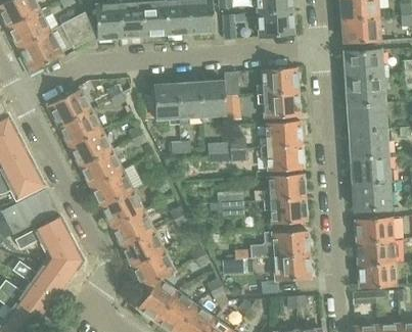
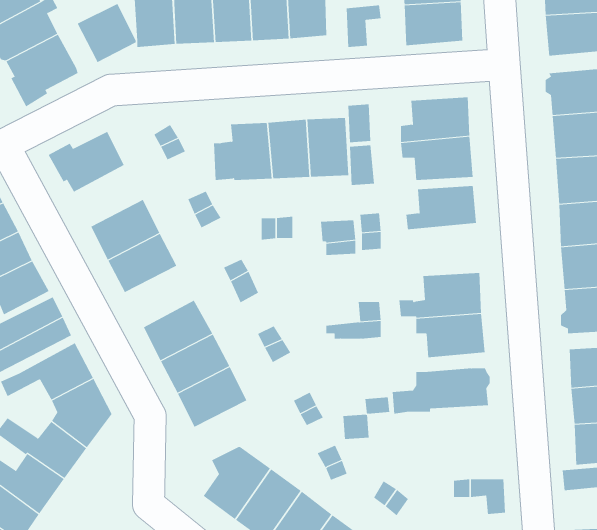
building: [59,109,101,146] -> none
building: [260,144,304,172] -> none
building: [90,170,132,206] -> none
building: [132,250,174,286] -> none
building: [260,253,310,286] -> none

